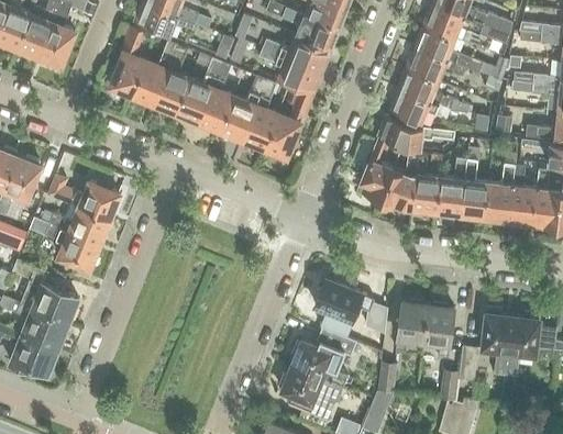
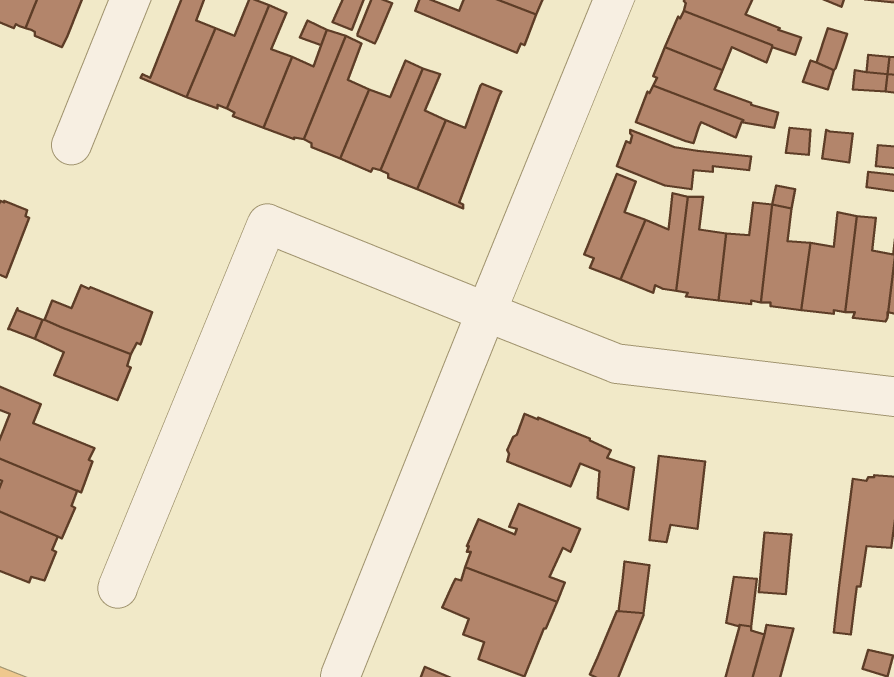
building: [258,47,321,94] -> none
building: [48,174,122,220] -> none
building: [423,305,454,357] -> none
building: [482,308,512,375] -> none

